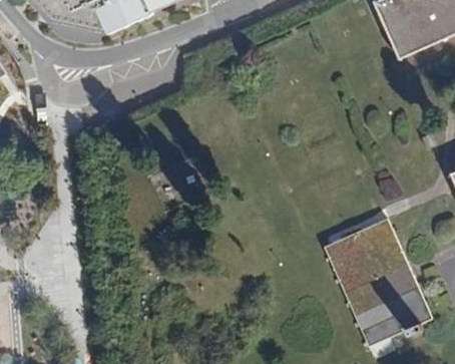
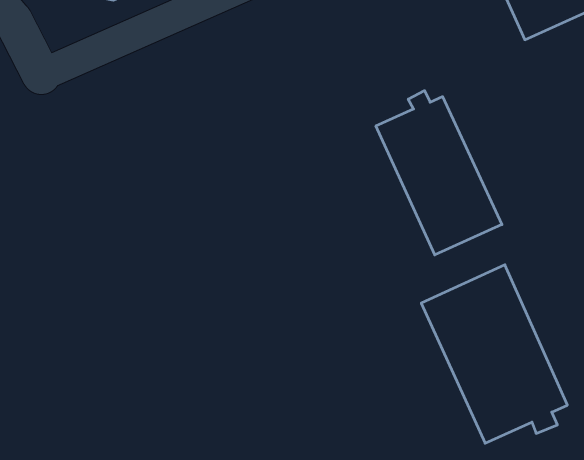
building: none -> [376,91,502,255]

